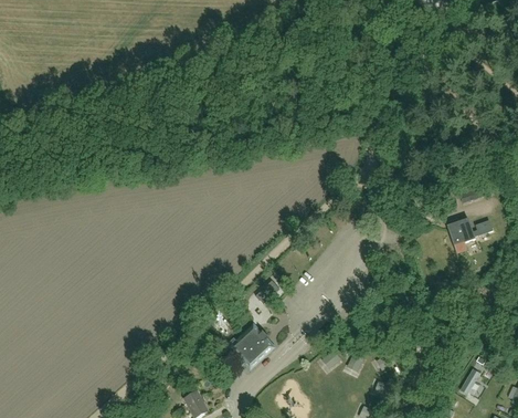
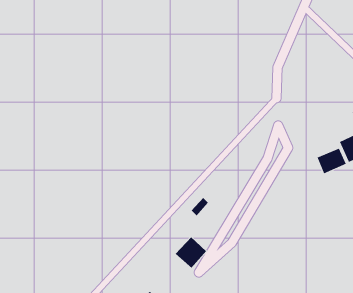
building: none -> [317,148,347,174]

